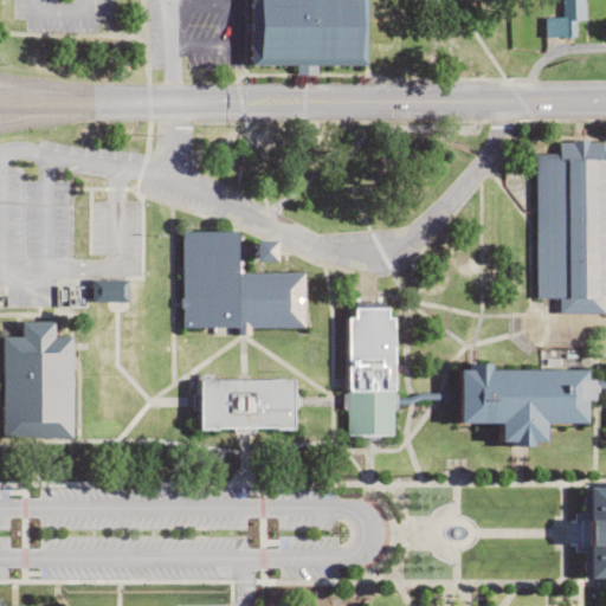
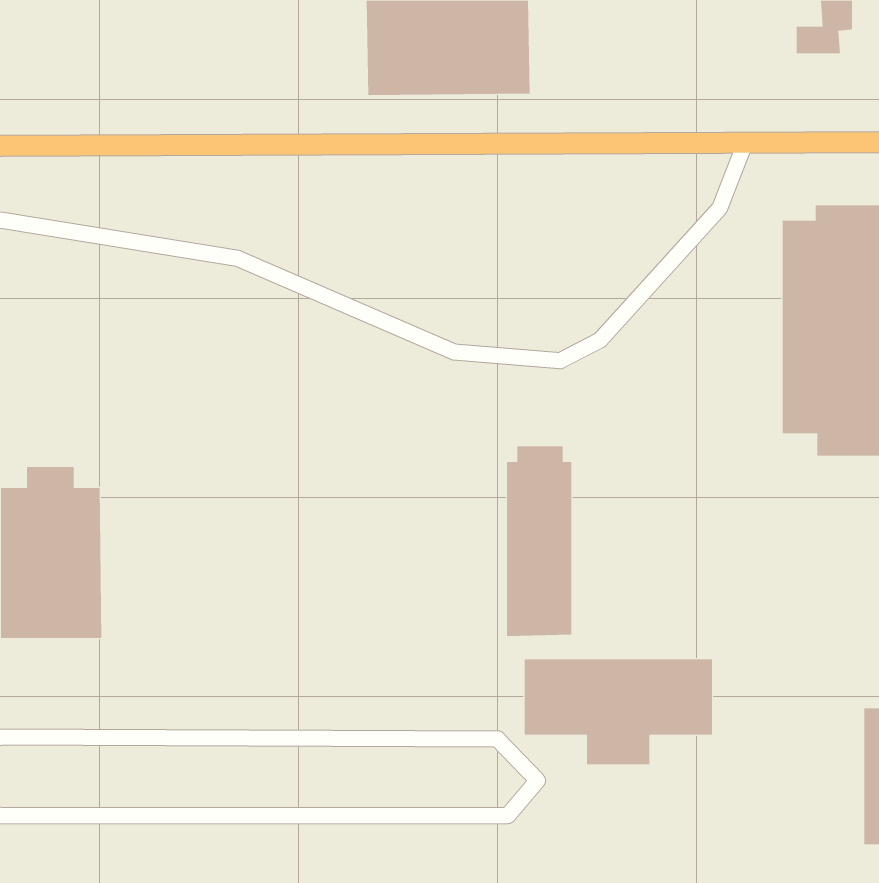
building: [183,231,308,327] -> none
building: [462,368,591,440] -> [524,659,713,765]
building: [202,379,297,428] -> none

